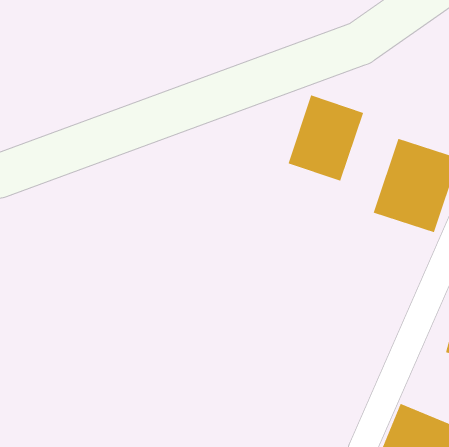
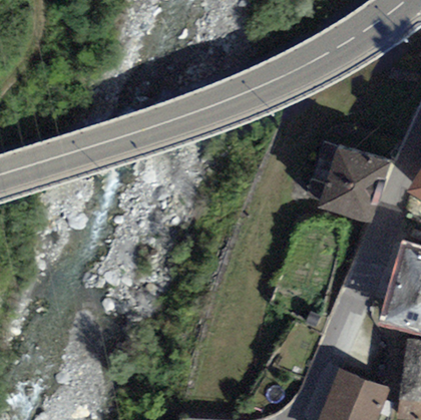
building: [288,95,364,182] -> none

